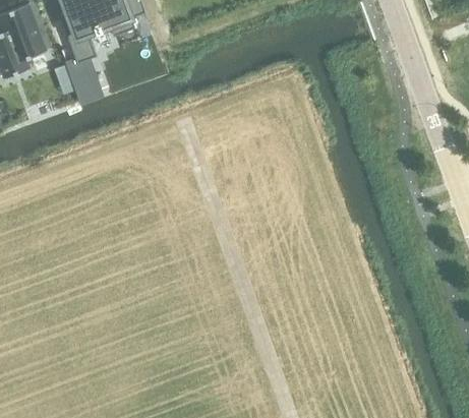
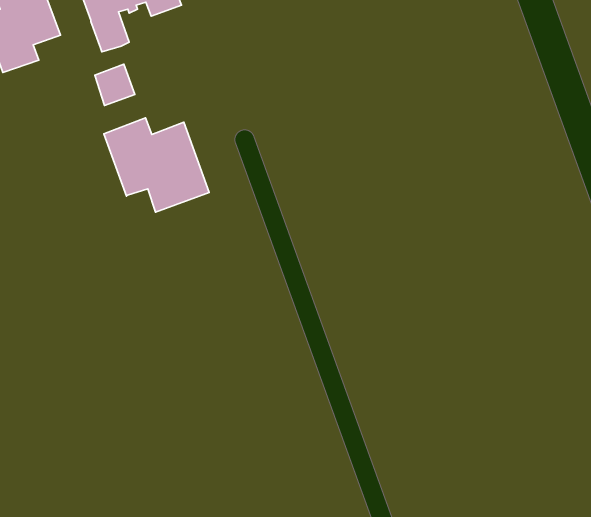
building: none -> [104,118,209,212]

